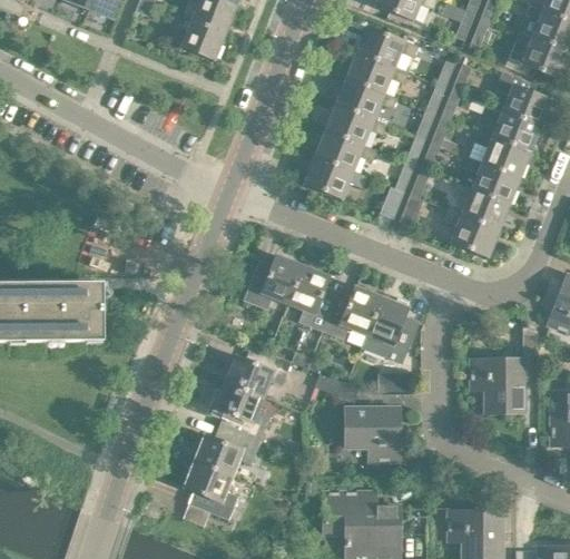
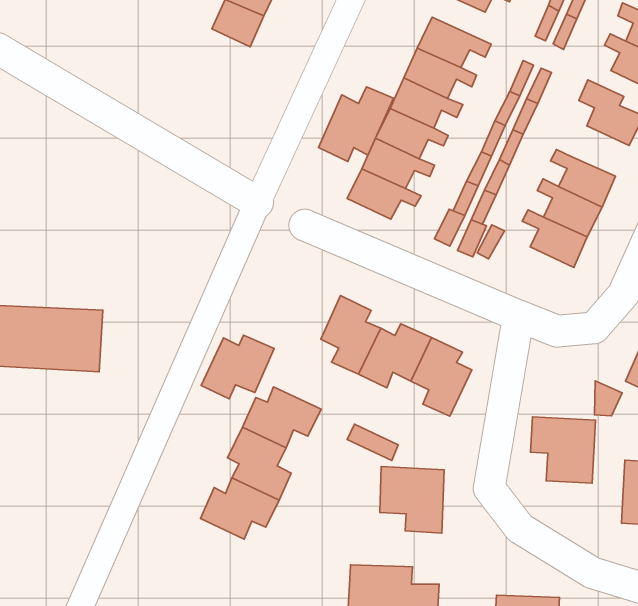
building: none -> [319,87,393,162]
building: [485,105,540,151] -> none
building: [443,209,499,256] -> none
building: [243,255,303,310] -> [201,335,274,399]
building: [184,460,238,519] -> none

